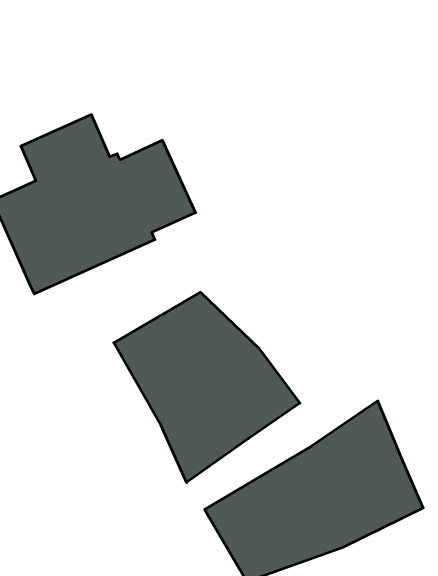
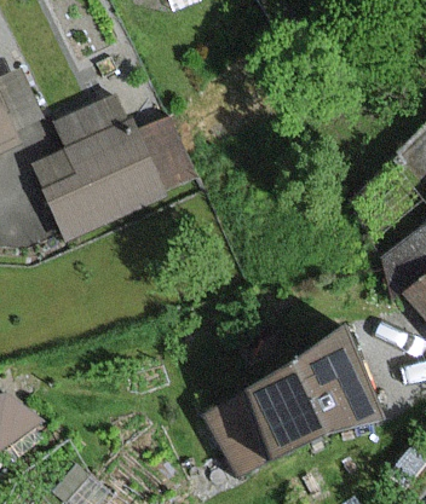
building: [114,292,300,483] -> none

